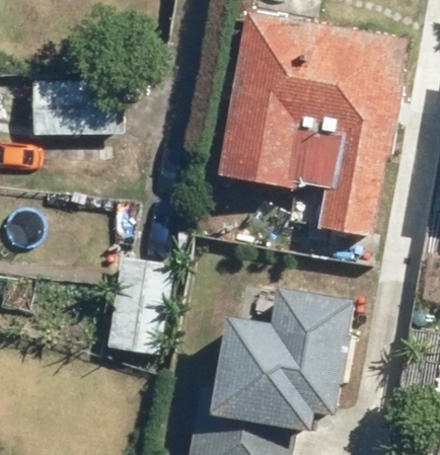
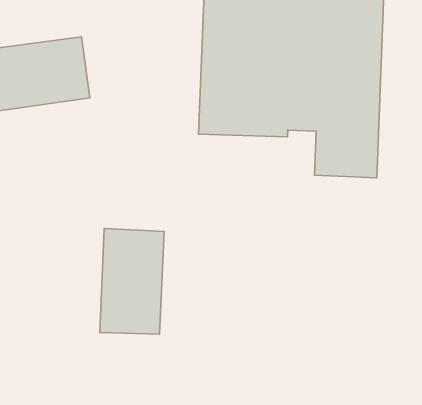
building: [248,334,387,441] -> none

